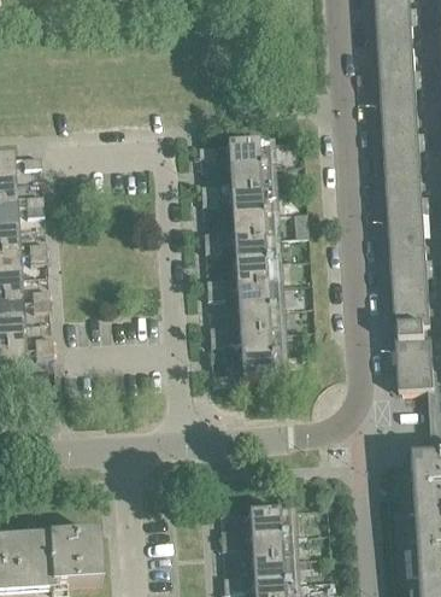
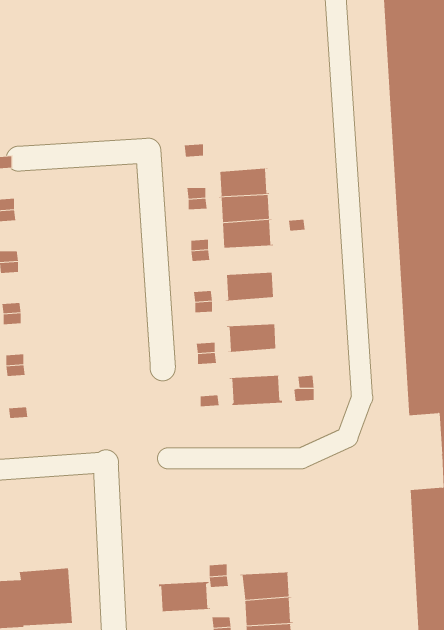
building: [225,137,274,166] -> none
building: [230,234,280,261] -> none
building: [234,281,282,308] -> none
building: [236,328,284,355] -> none
building: [246,507,294,534] -> [158,582,211,612]

